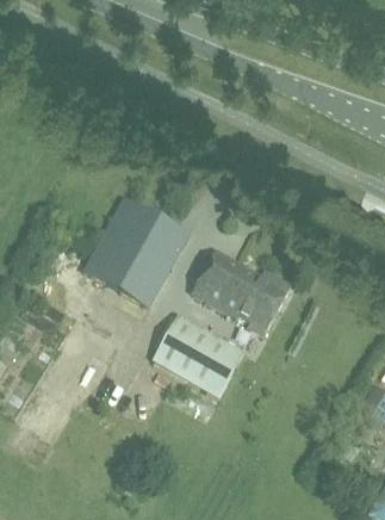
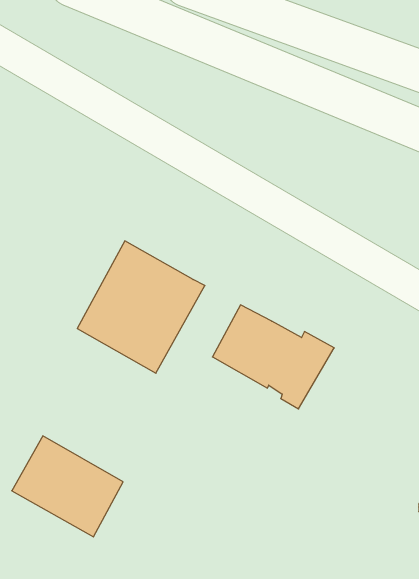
building: [154,315,243,396] -> [12,436,123,537]

